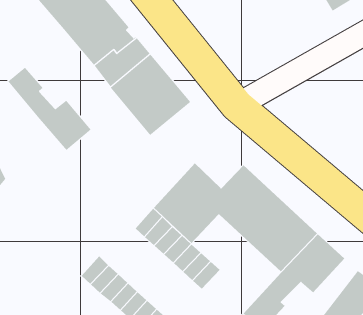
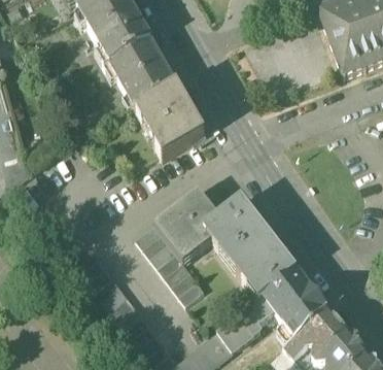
building: [7,67,92,151] -> none
building: none -> [285,296,328,336]

